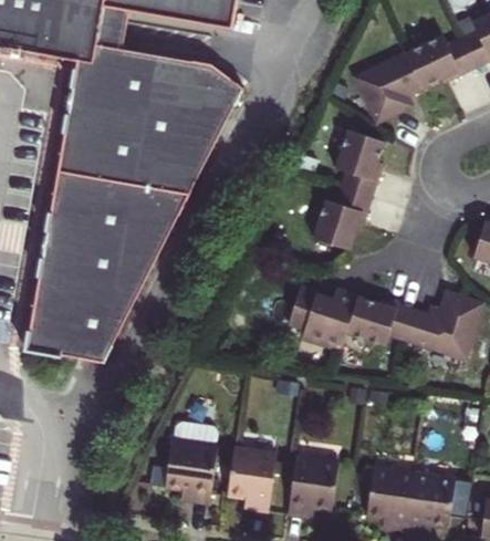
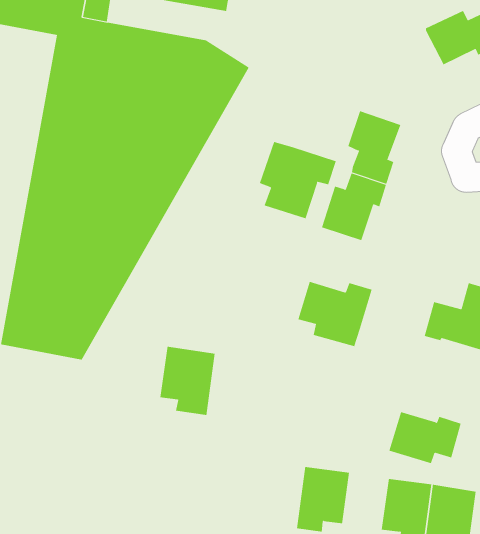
building: [361,54,427,121] -> none
building: none -> [259,141,336,219]
building: [351,294,418,343] -> [389,411,462,464]
building: [168,440,220,504] -> [160,346,216,415]
building: [230,449,279,512] -> none

